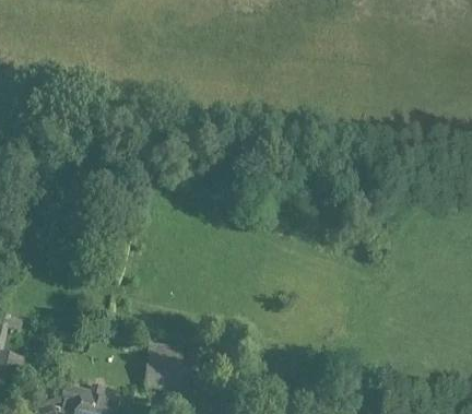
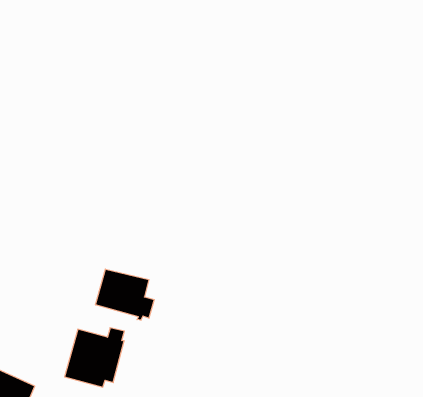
building: none -> [96,269,154,320]

